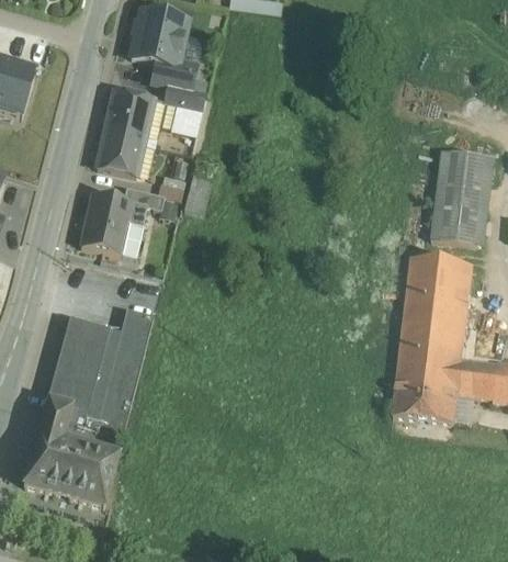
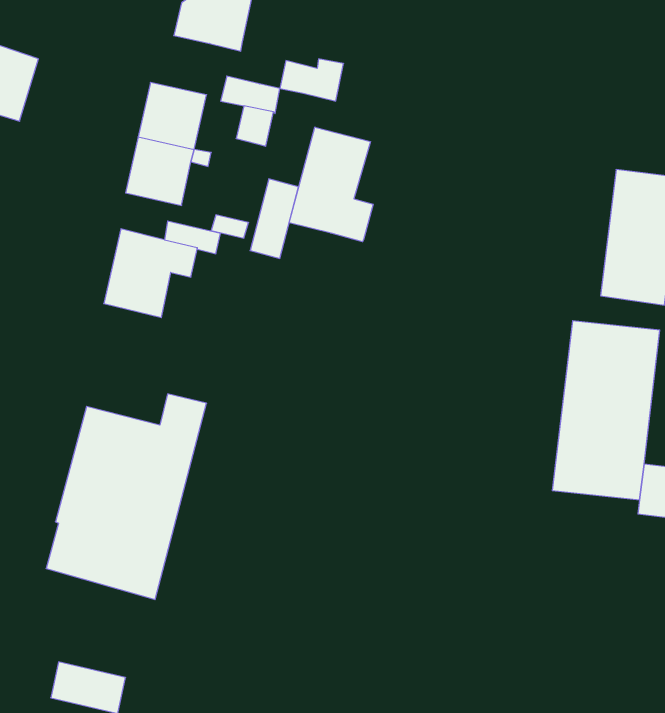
building: [151,59,196,89] -> [280,59,344,101]
building: none -> [289,127,373,242]
building: [393,375,459,420] -> none
building: [23,430,118,505] -> none

